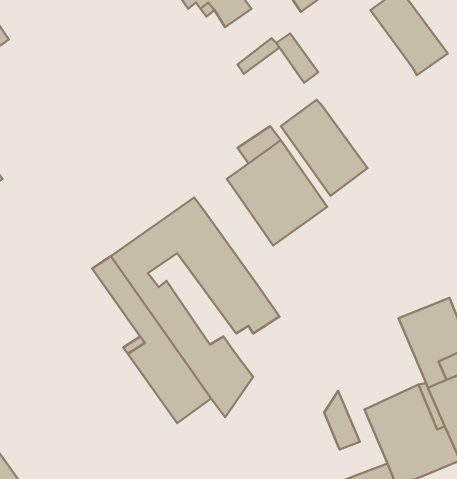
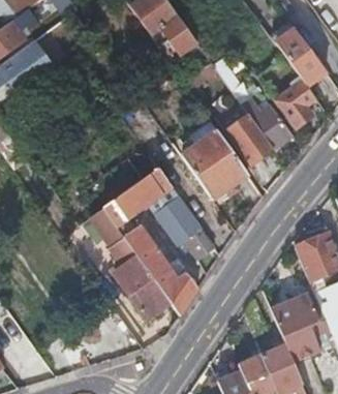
building: none -> [275,81,316,128]
building: none -> [243,98,293,148]

